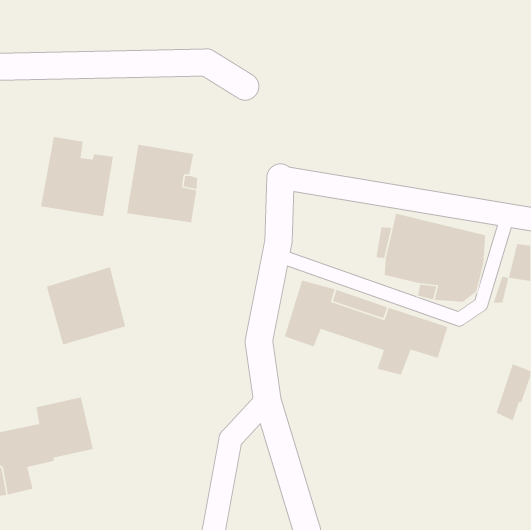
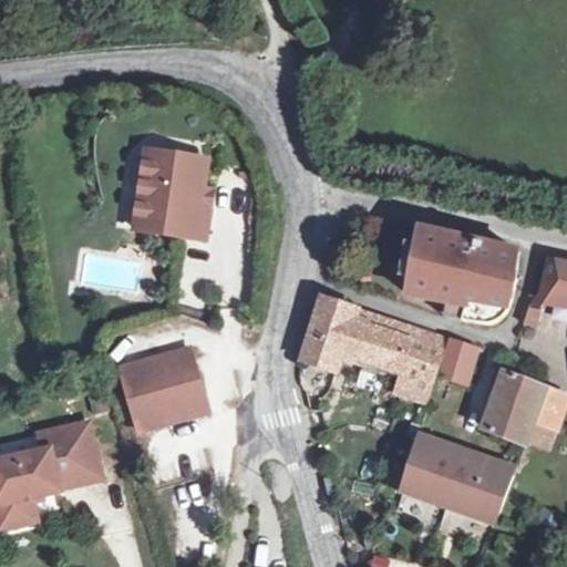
building: [40,136,114,217] -> none
building: [46,266,126,346] -> [121,346,206,430]
building: none -> [482,369,544,443]
building: none -> [402,442,512,519]

